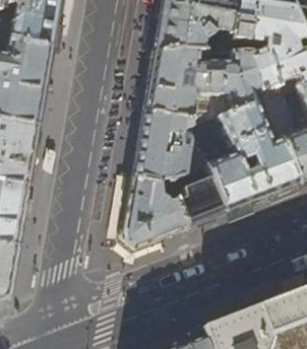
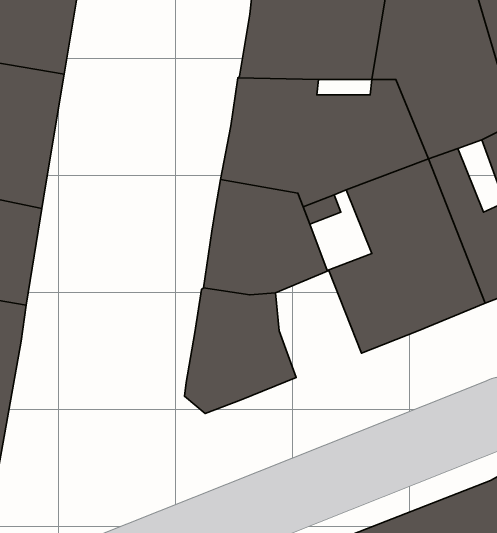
building: [175,164,226,227] -> none

